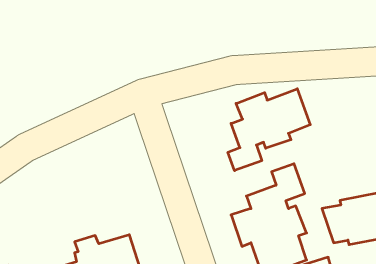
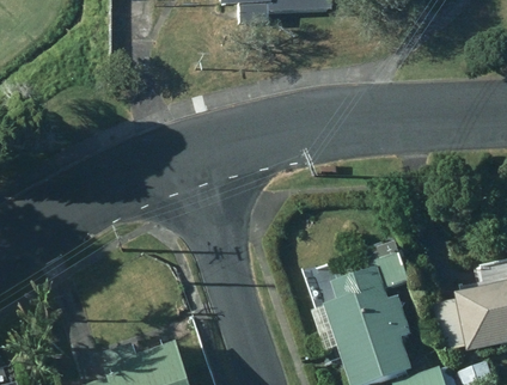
building: [228,89,310,171] -> none

